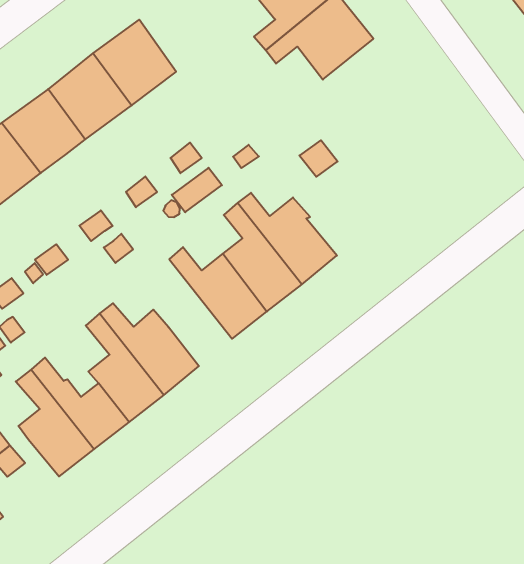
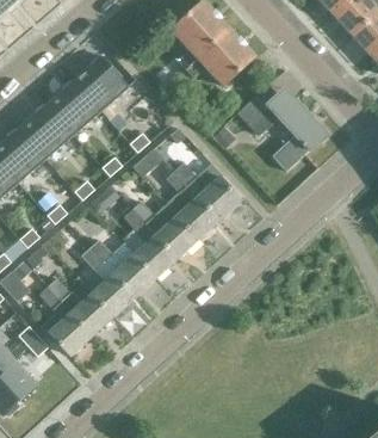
building: none -> [237,87,327,172]
building: none -> [123,209,176,277]

